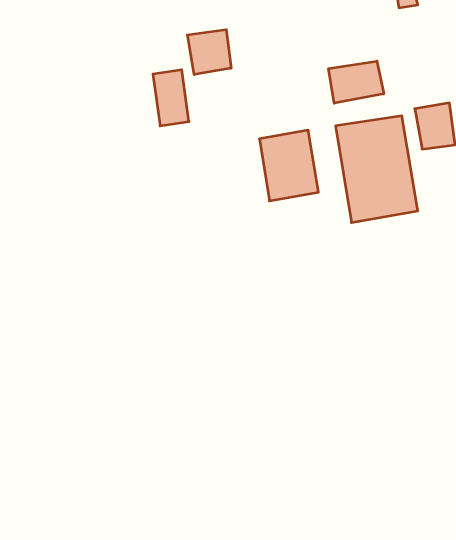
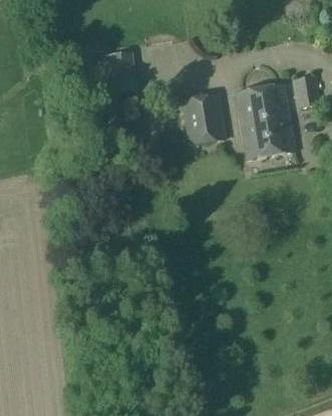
building: [187,30,231,75] -> none
building: [329,61,384,103] -> none

